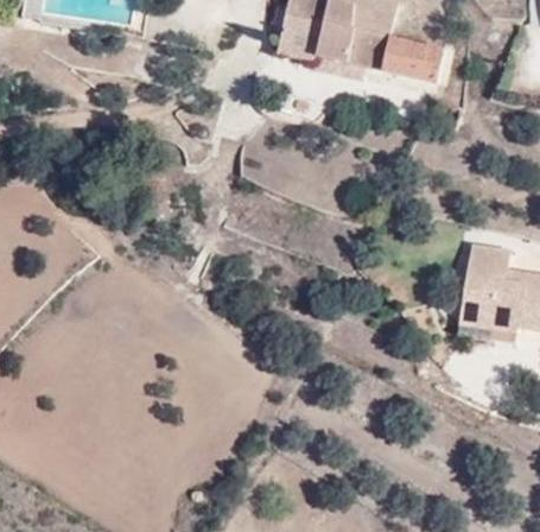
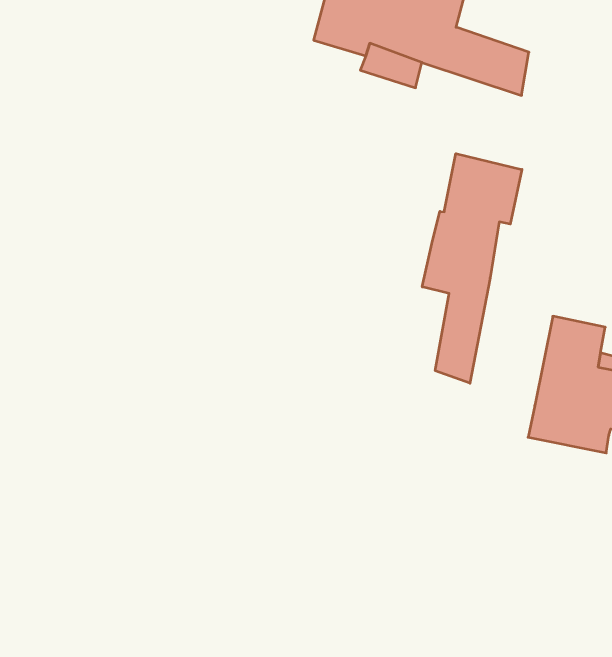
building: none -> [422,154,522,383]

